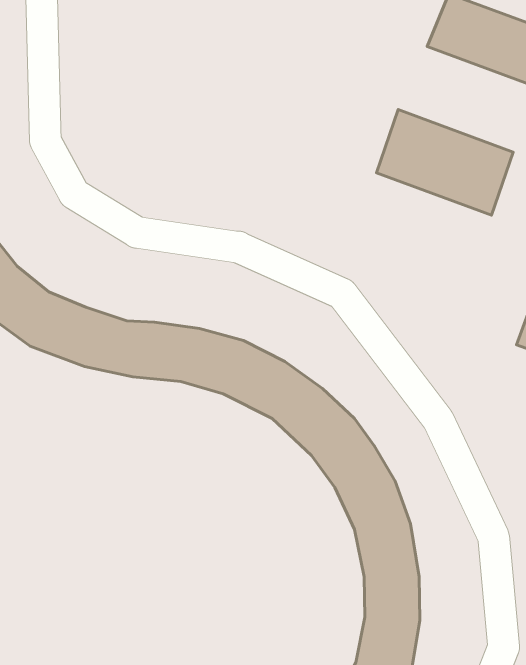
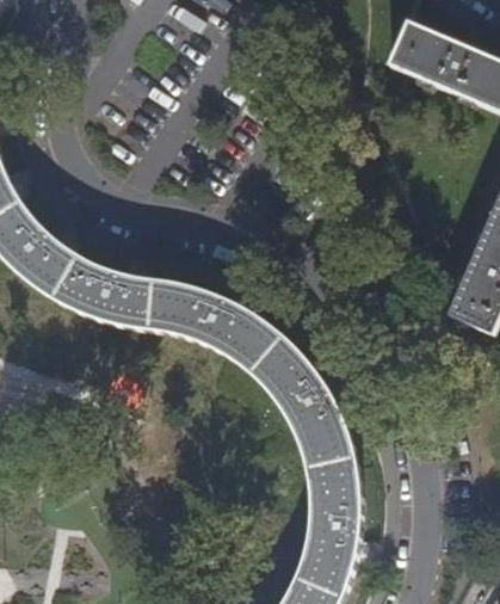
building: [377,110,513,215] -> none

